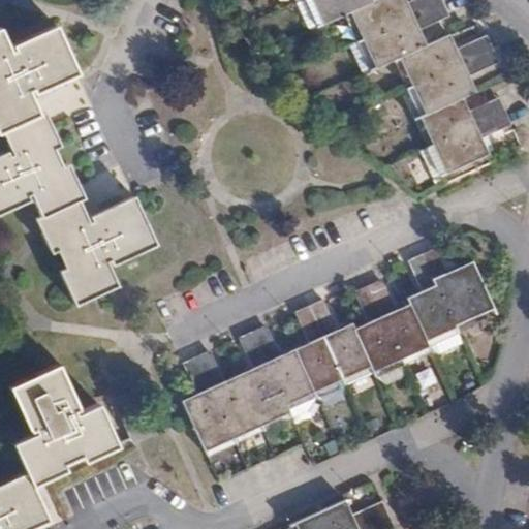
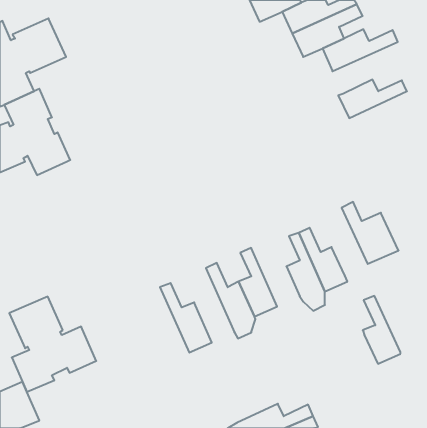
building: [410,52,497,116] -> none
building: [423,113,508,177] -> none
building: [40,196,158,305] -> none
building: [407,256,454,340] -> [363,296,400,364]
building: [310,300,370,378] -> none
building: [240,331,289,423] -> none
building: [181,354,234,448] -> none

